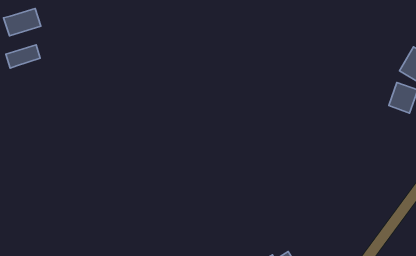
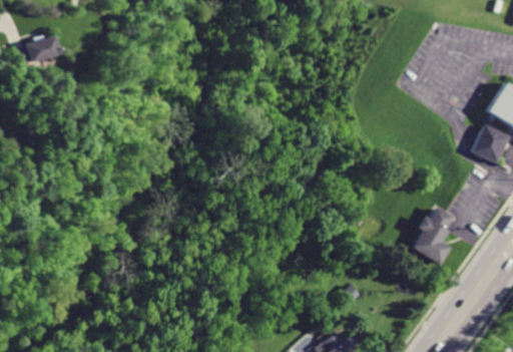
building: [6,45,40,68] -> none
building: none -> [414,206,456,264]

